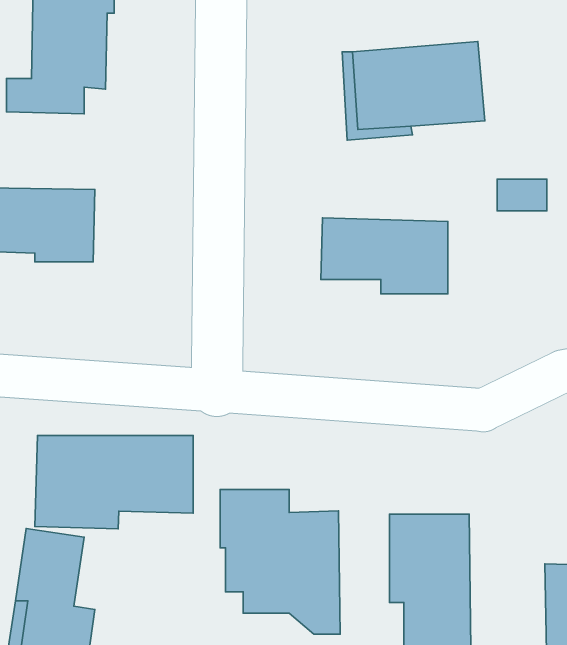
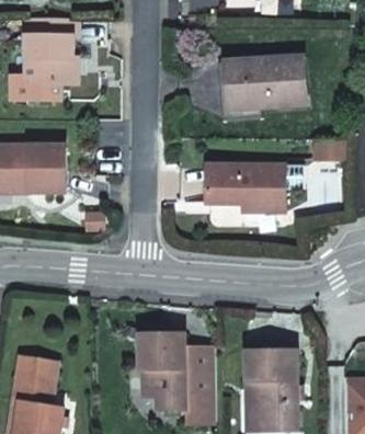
building: [35,436,193,529] -> none

